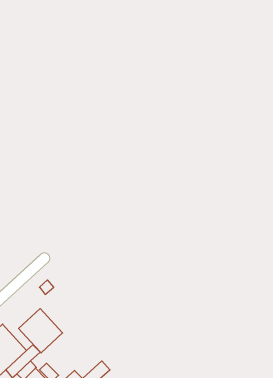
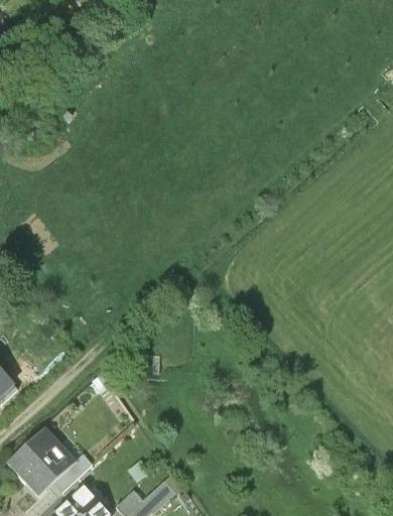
building: [19,309,63,353] -> none

